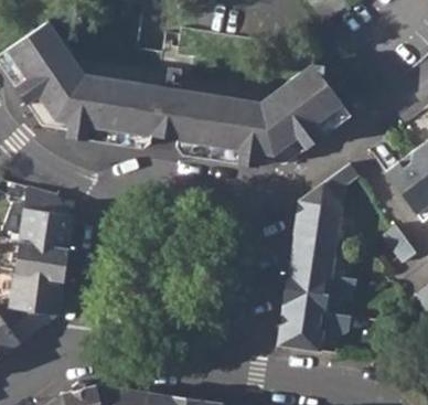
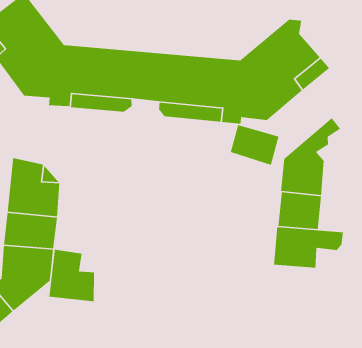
building: none -> [230,124,280,166]
building: none -> [49,249,95,302]
building: [278,309,351,352] -> none

